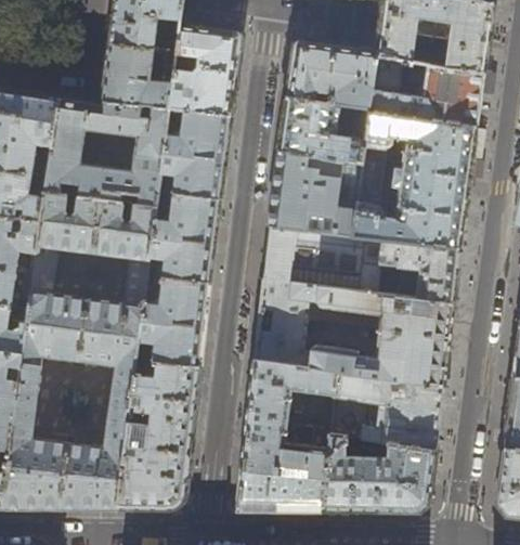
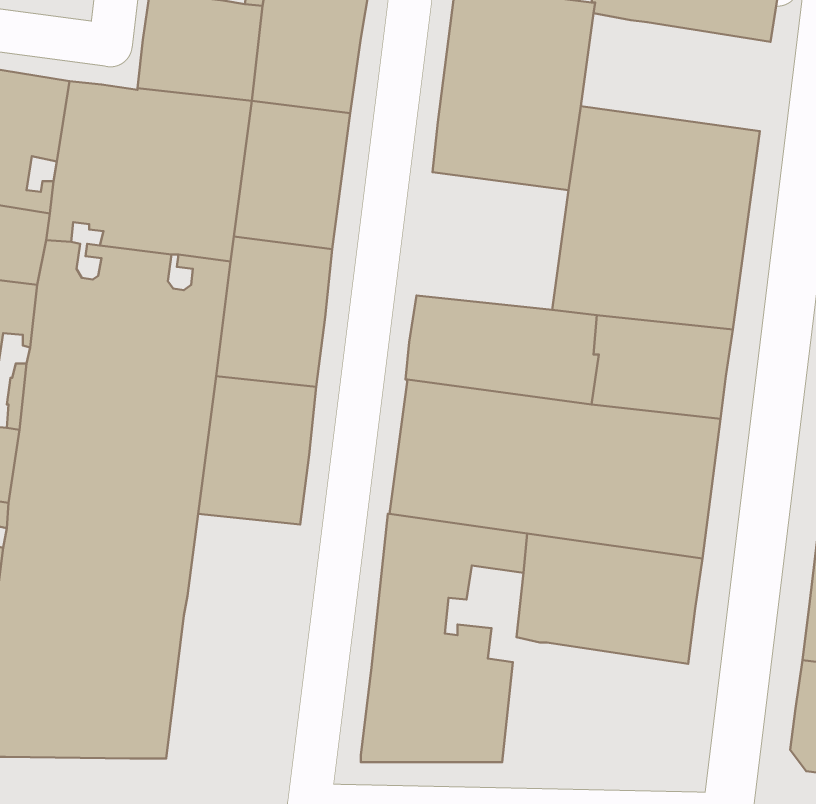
building: [368,57,483,129] -> none
building: [269,154,361,237] -> none
building: [117,361,198,510] -> none
building: [321,436,433,514] -> none

